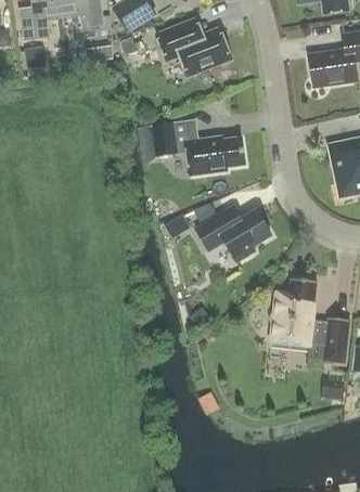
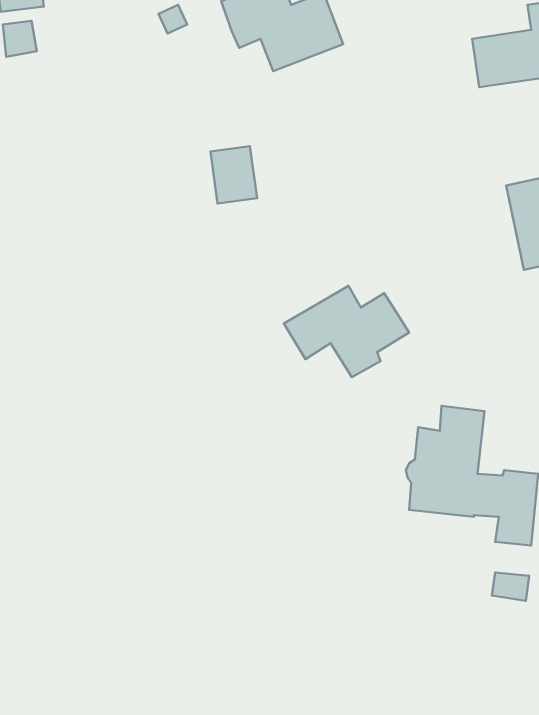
building: [185,135,245,174] -> none

